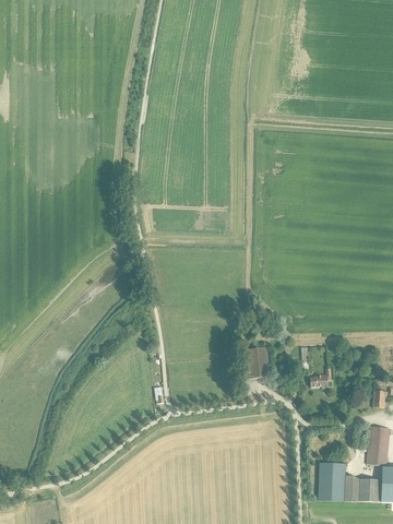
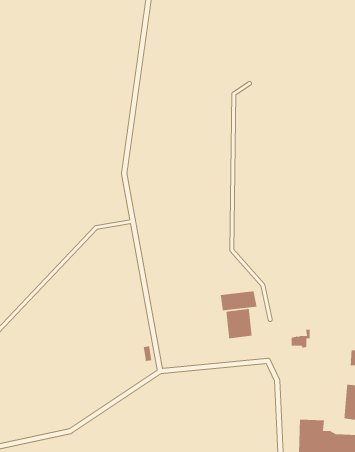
building: none -> [220,291,257,311]

